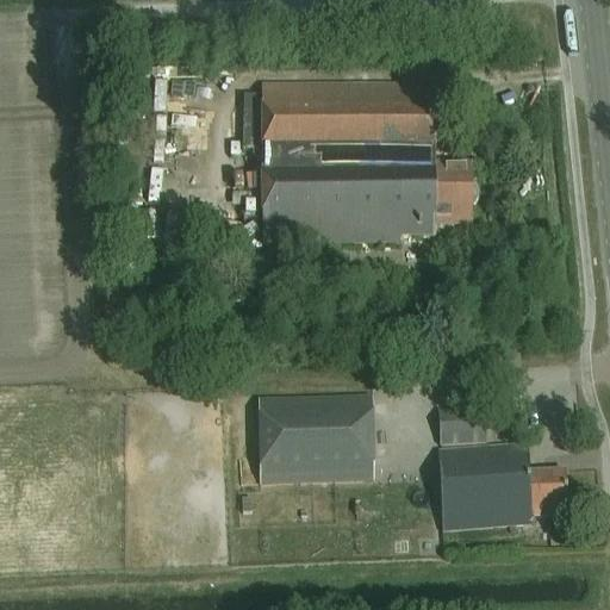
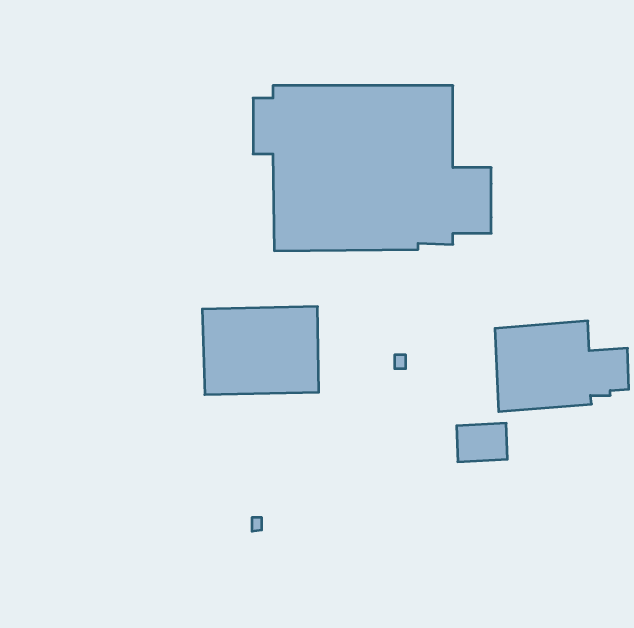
building: [260,396,372,480] -> [202,307,319,395]
building: [438,442,567,529] -> [495,321,629,412]

